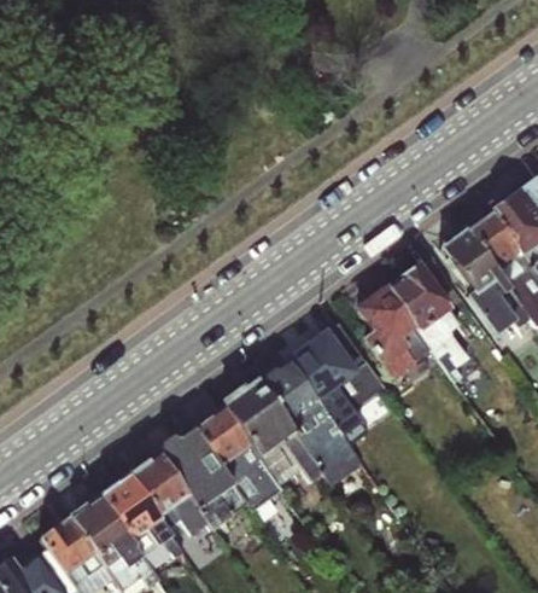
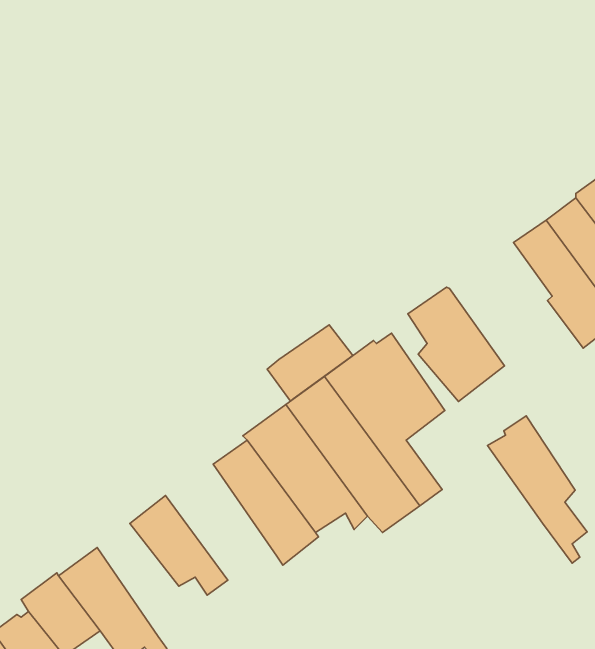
building: [387,262,468,382] -> [488,416,587,563]
building: none -> [267,325,353,401]
building: [157,429,247,529] -> none
building: [101,477,182,569] -> none

